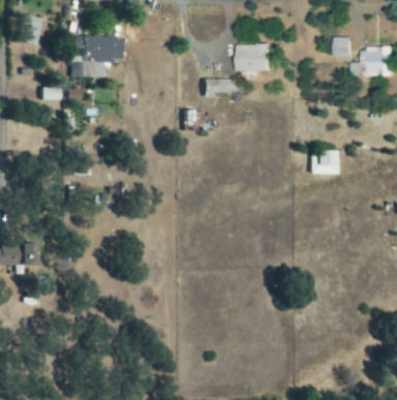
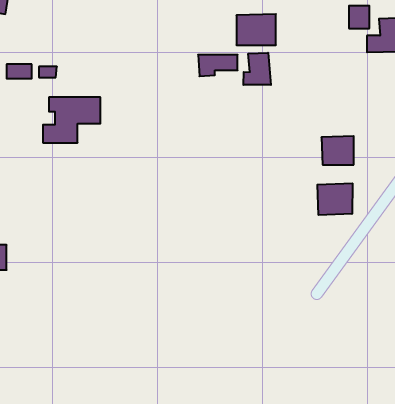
building: [70,36,120,75] -> [43,97,100,143]
building: none -> [243,53,271,85]
building: none -> [317,183,352,215]

